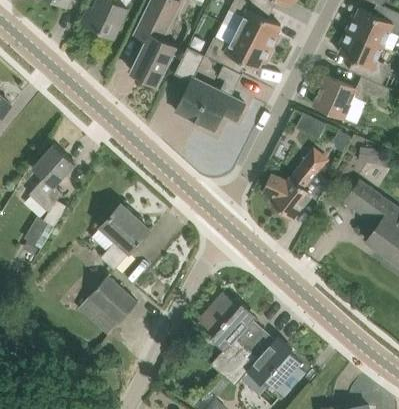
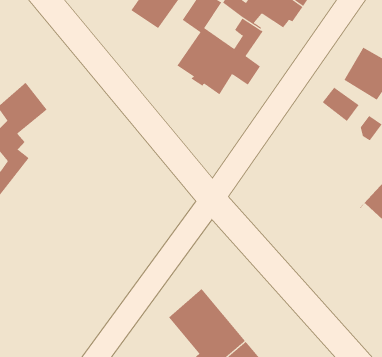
building: [262,148,329,220] -> none
building: [100,204,150,269] -> none
building: [79,275,137,334] -> none

